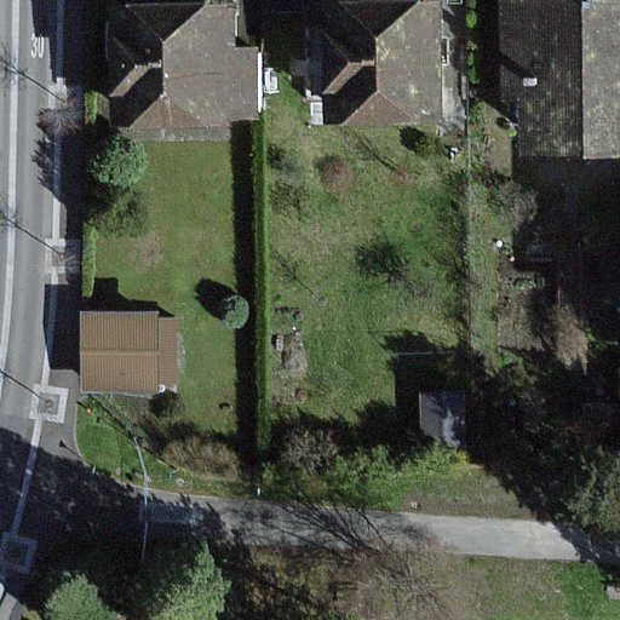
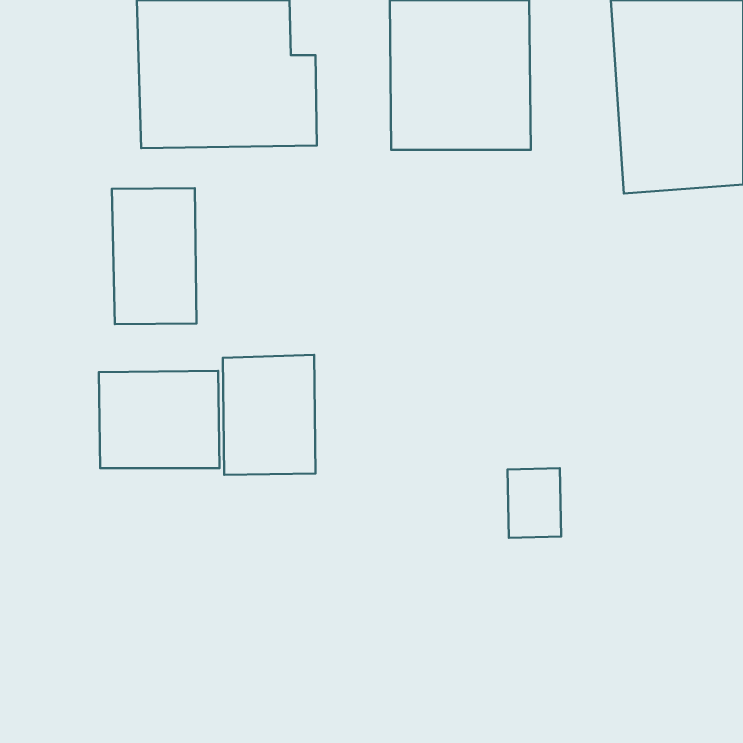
building: none -> [112,188,196,324]
building: none -> [223,355,315,475]

